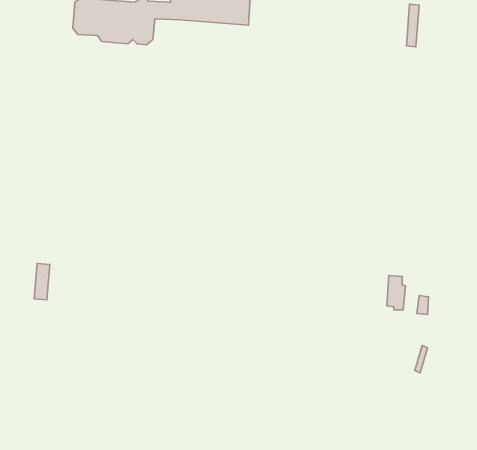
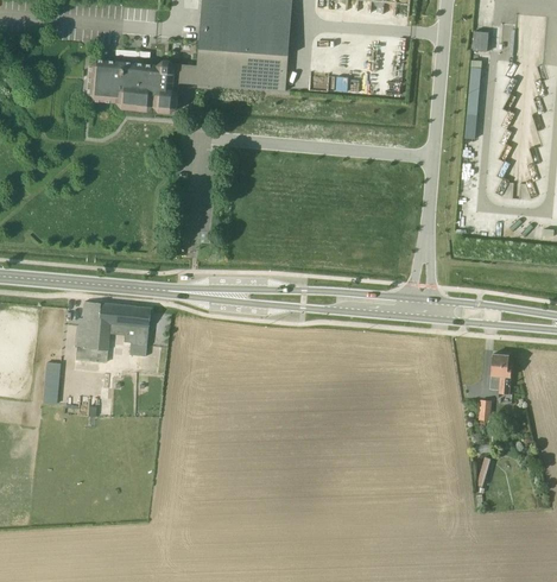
building: none -> [74,301,150,362]
building: [387,276,405,310] -> [489,354,511,393]

